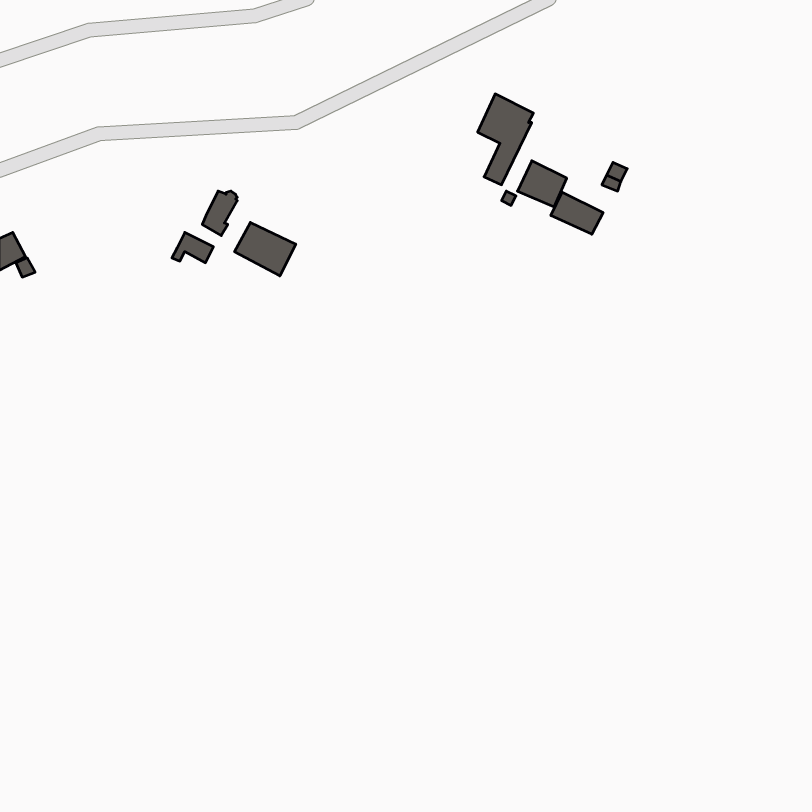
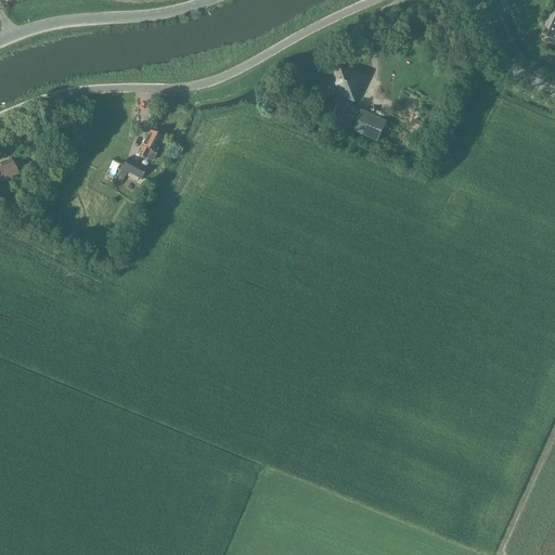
building: [551,192,603,234] -> none
building: [235,222,296,276] -> none

